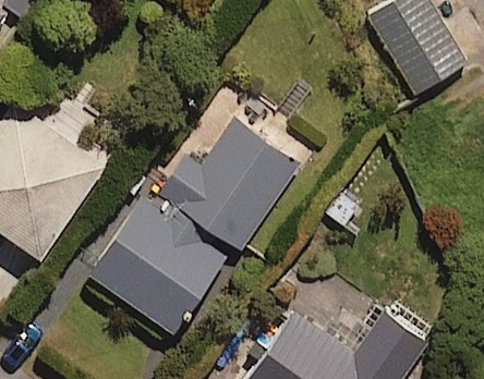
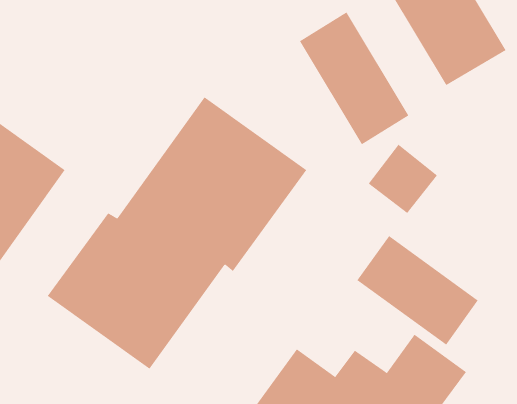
building: none -> [299,11,409,145]
building: none -> [357,235,478,346]

